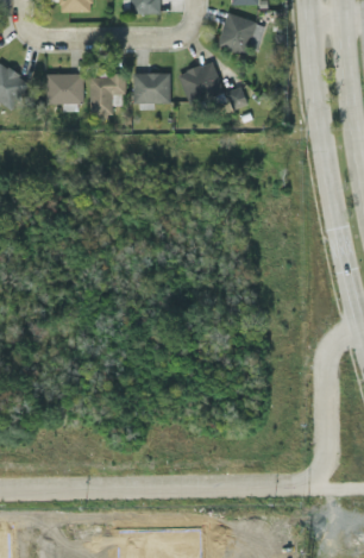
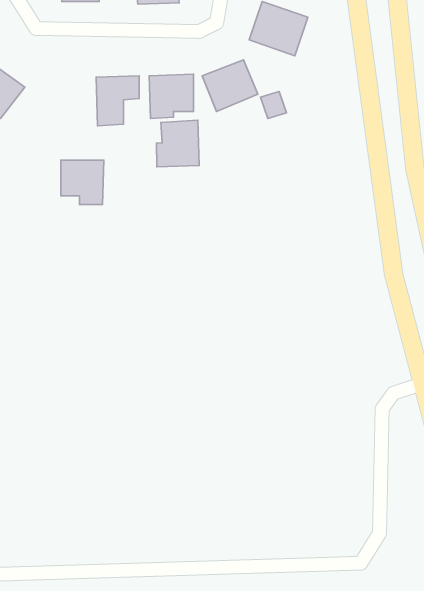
building: [46,74,82,111] -> [61,160,104,205]
building: none -> [157,120,199,167]

